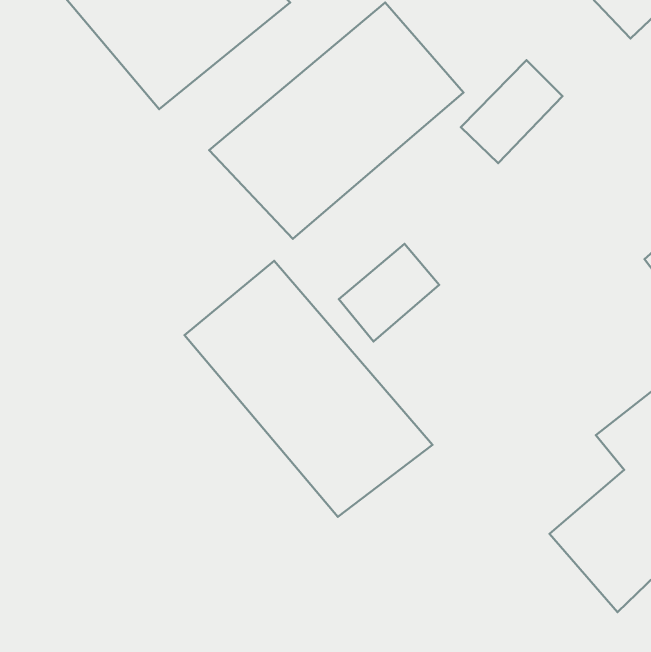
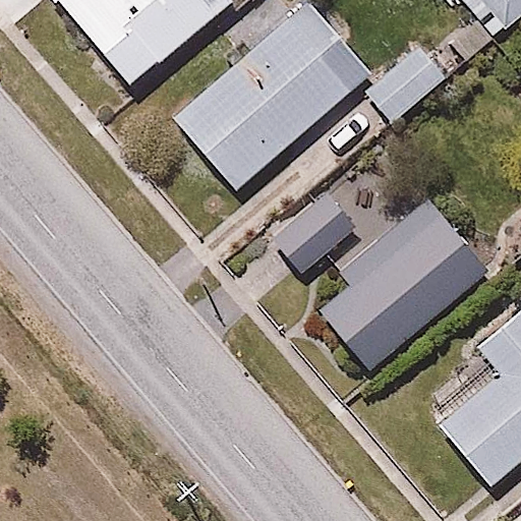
building: none -> [320,199,487,367]
building: [184,261,433,517] -> none

